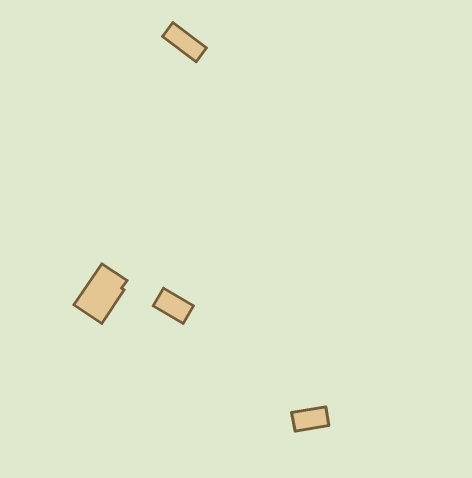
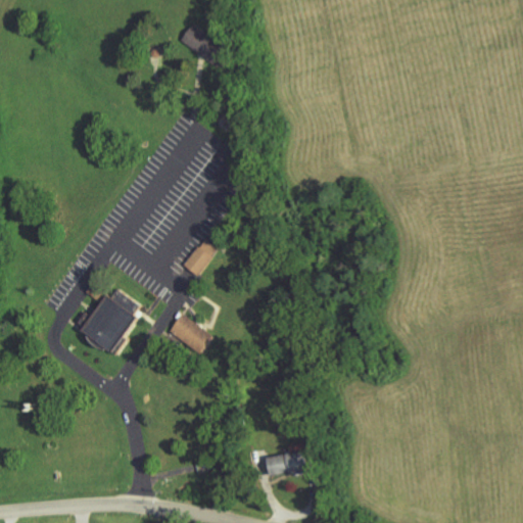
building: none -> [181,239,216,277]
building: [291,407,329,431] -> [264,451,304,478]

